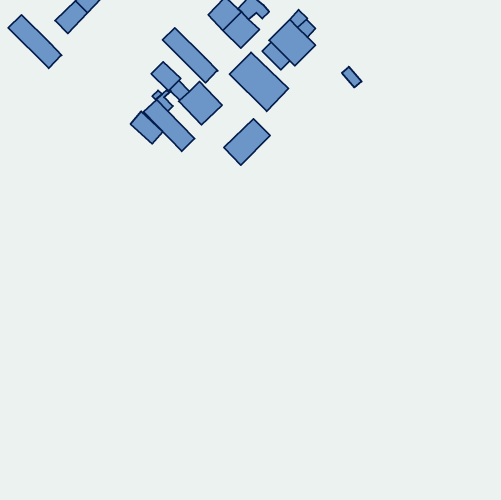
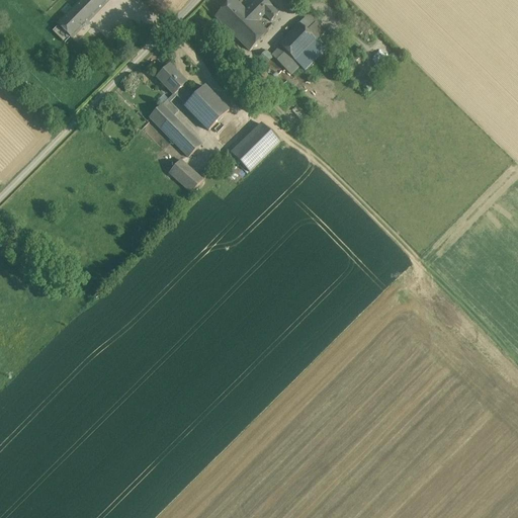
building: [8,15,62,68] -> none
building: [163,28,218,83] -> none
building: [230,52,288,111] -> none
building: [131,111,163,144] -> [168,158,201,191]

